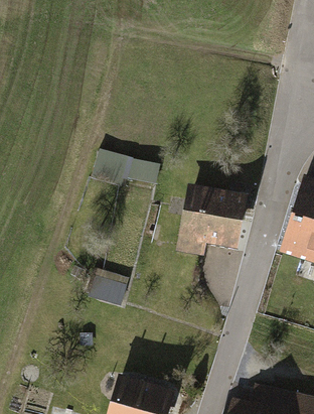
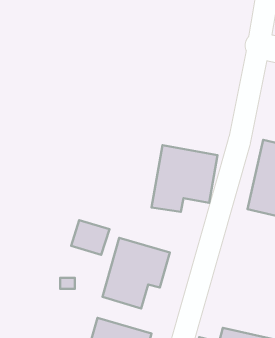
building: [92,149,161,185] -> none
building: none -> [102,238,170,308]

